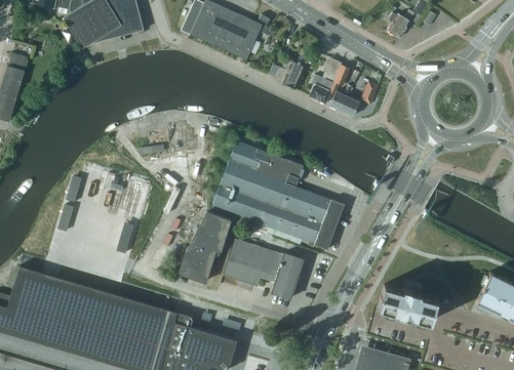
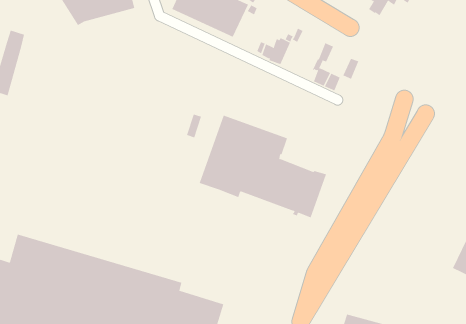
building: [310,57,342,104] -> none
building: [177,211,230,282] -> none
building: [223,239,302,298] -> none
building: [378,284,436,321] -> none

